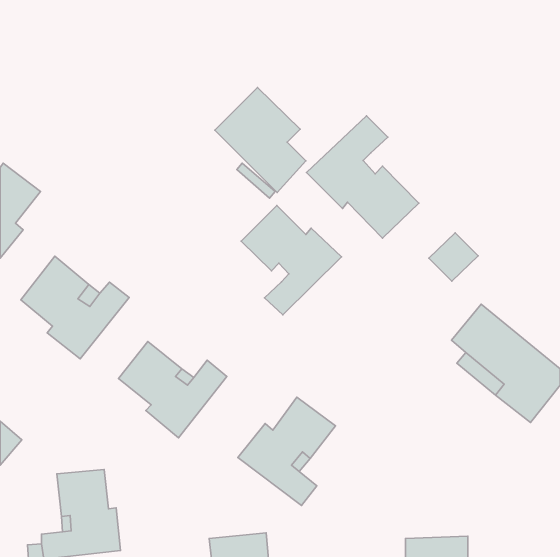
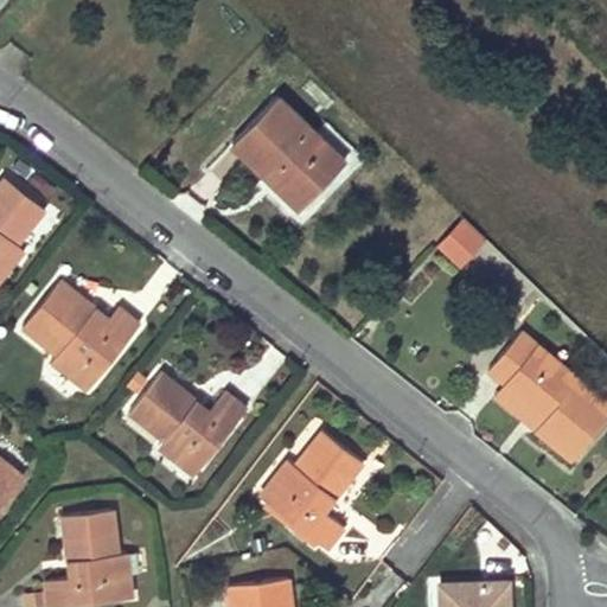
building: [306,116,419,238] -> none
building: [241,206,341,315] -> none
building: [429,233,478,281] -> [435,217,488,269]

